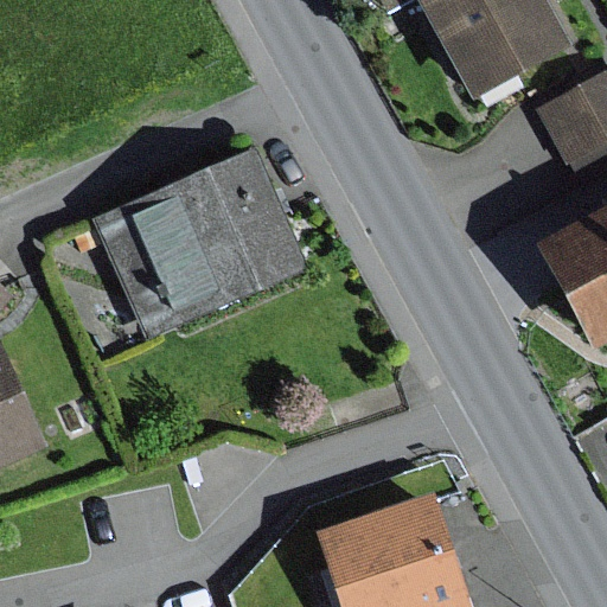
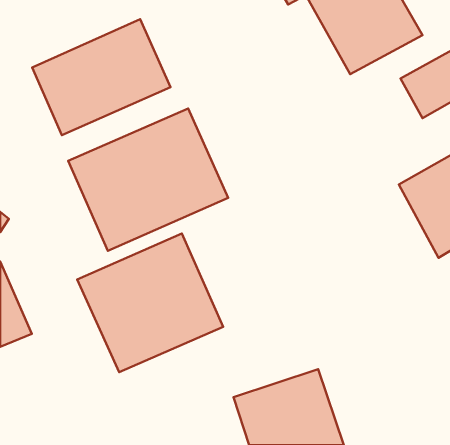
building: none -> [32,19,170,135]
building: none -> [77,233,223,372]

